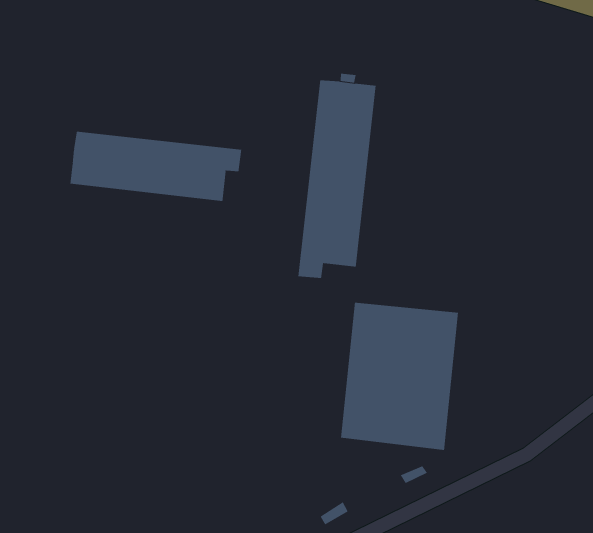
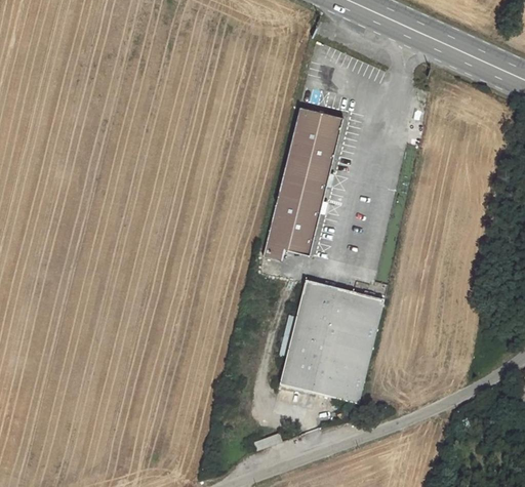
building: [70,131,242,202] -> none

